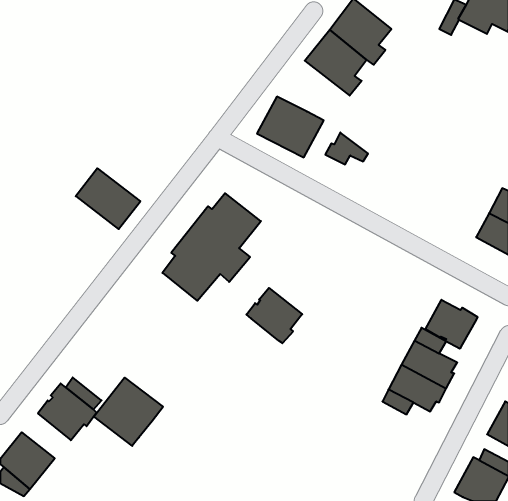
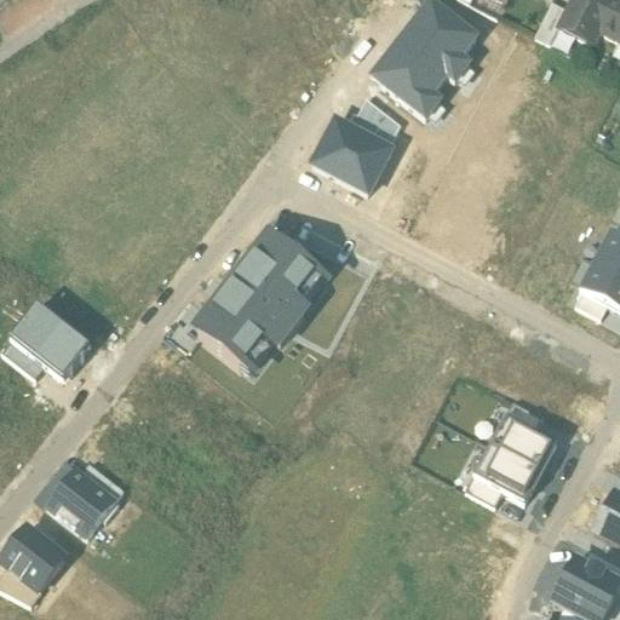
building: [325,132,368,164] -> [350,97,402,136]
building: [76,168,140,229] -> [10,305,88,379]
building: [246,288,302,343] -> none
building: [426,300,477,349] -> none
building: [94,378,163,446] -> none

